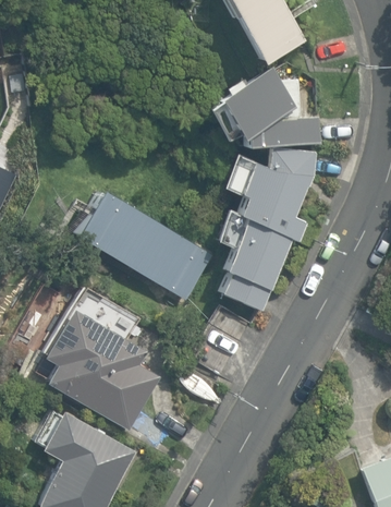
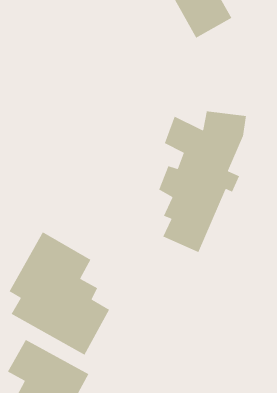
building: [216,65,321,145] -> none
building: [73,189,213,300] -> none

